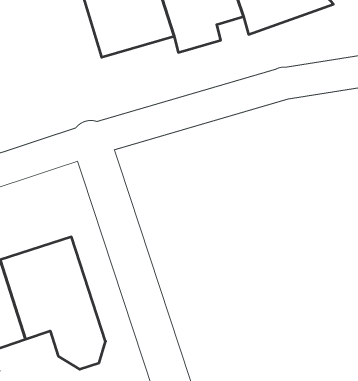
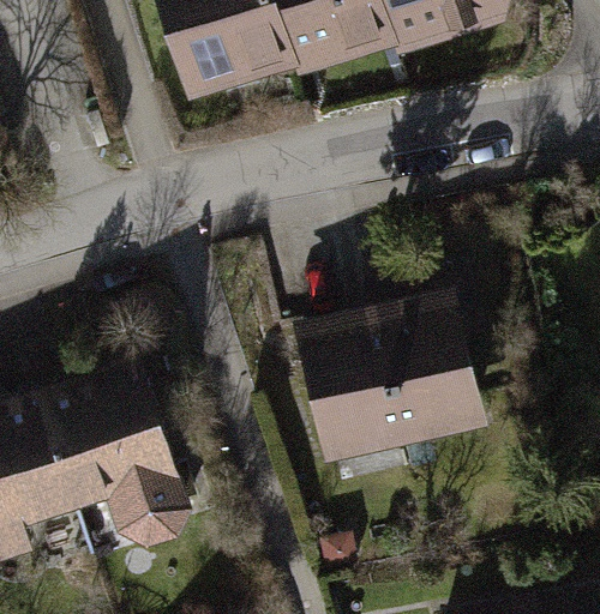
building: none -> [290,283,482,463]

